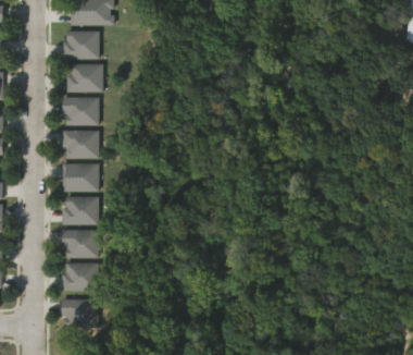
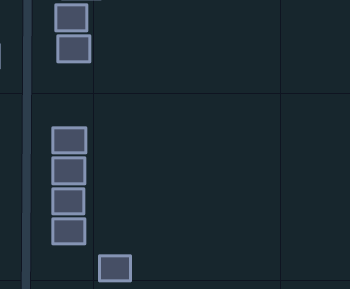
building: [64,97,98,125] -> none
building: [64,130,98,158] -> none
building: [61,298,95,326] -> [99,256,130,281]

